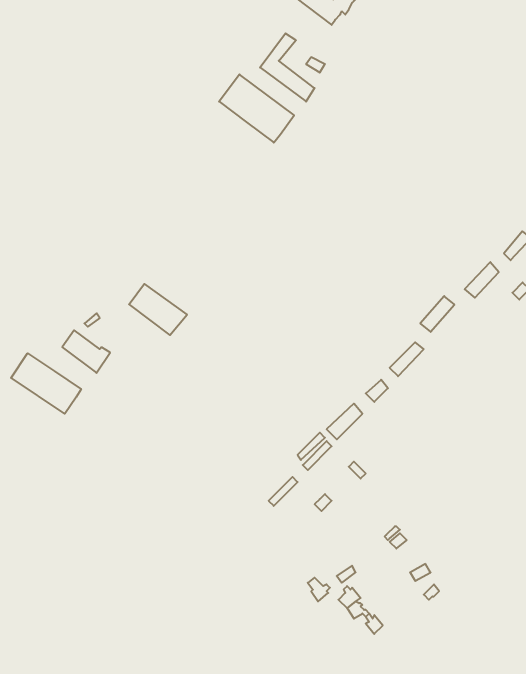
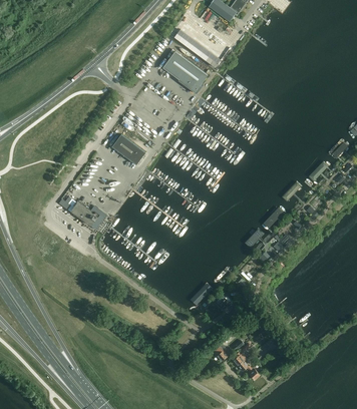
building: [129,284,187,335] -> [111,133,145,163]
building: [11,353,81,414] -> none

